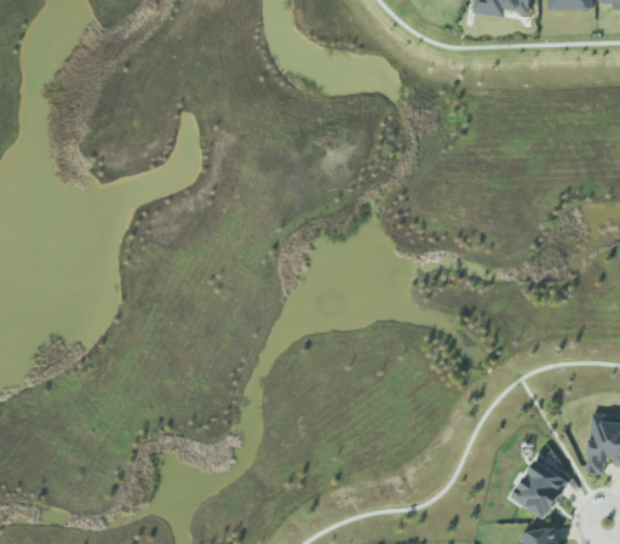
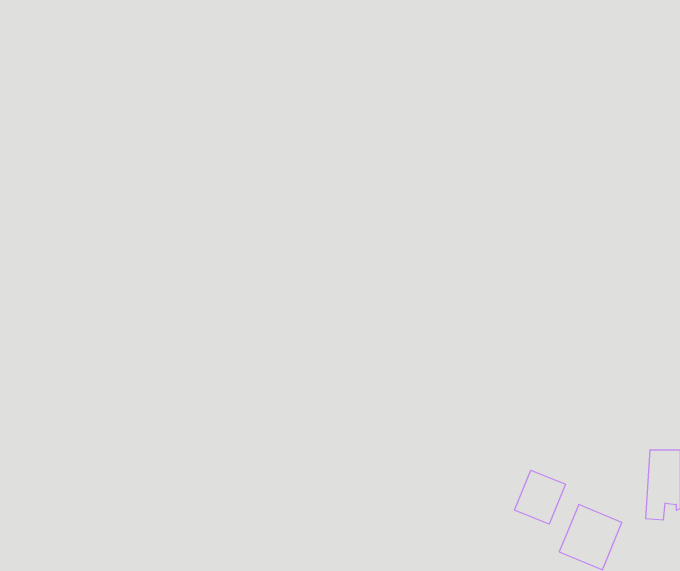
building: none -> [514,470,566,524]

